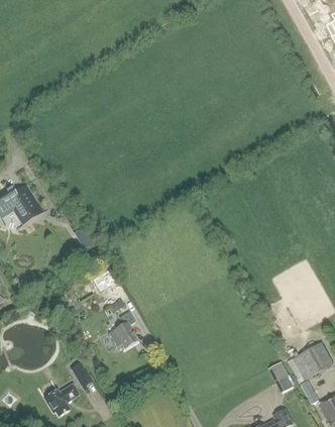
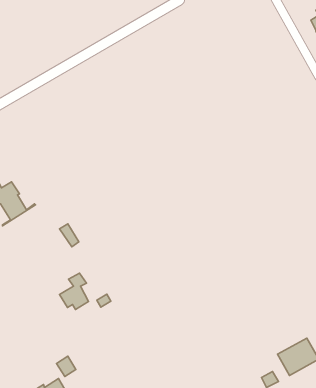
building: [108,311,137,347] -> [59,273,89,309]

